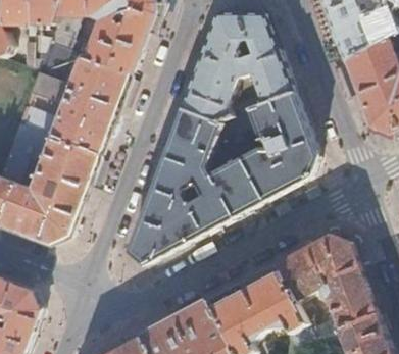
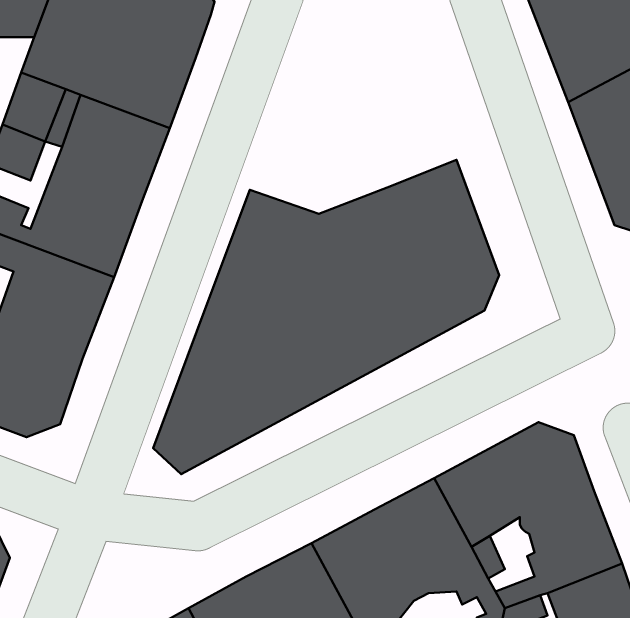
building: [173,15,287,121] -> none

